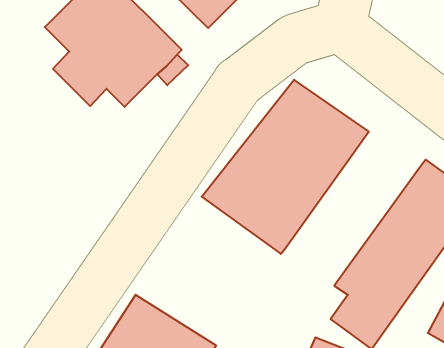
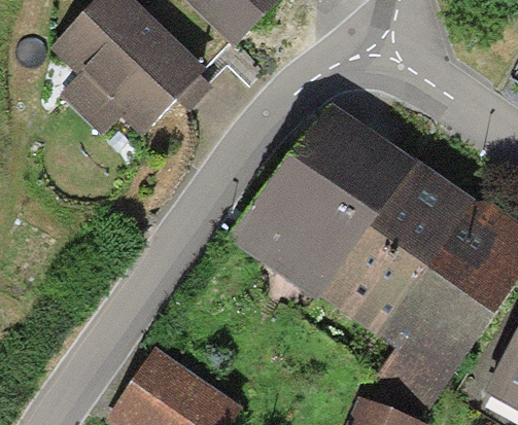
building: none -> [323,164,477,339]

